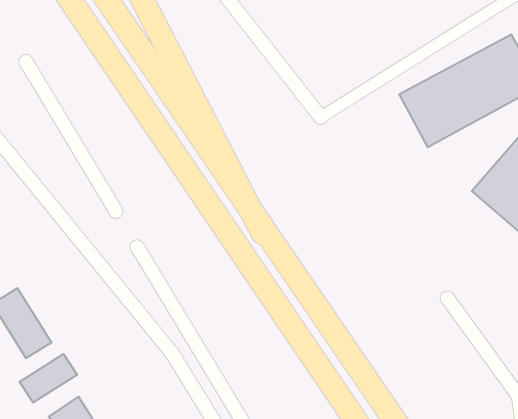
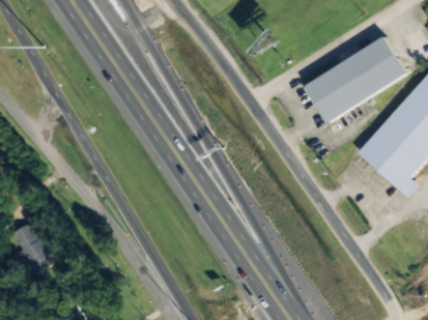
building: [20,354,77,403] -> none

